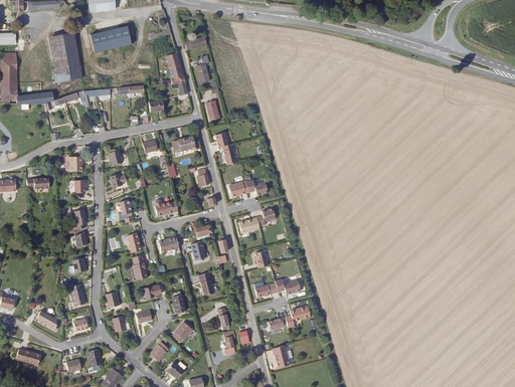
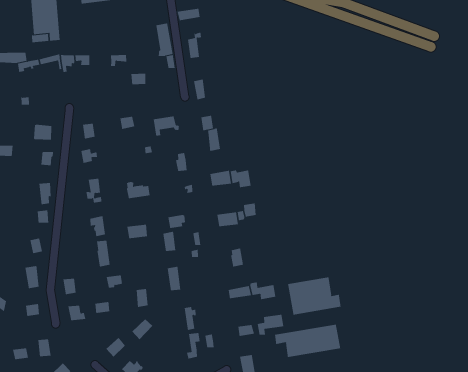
building: none -> [288,277,341,315]
building: none -> [274,324,341,358]

